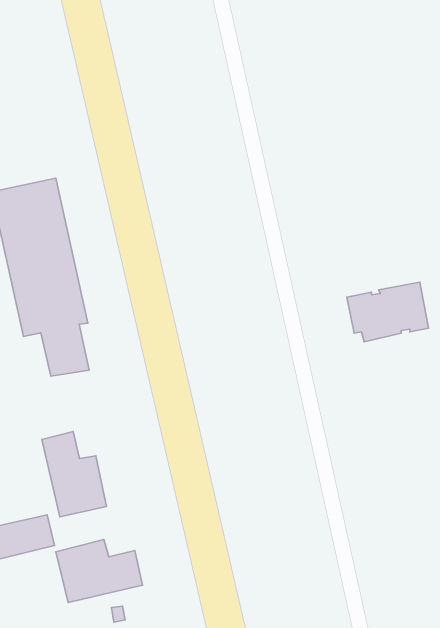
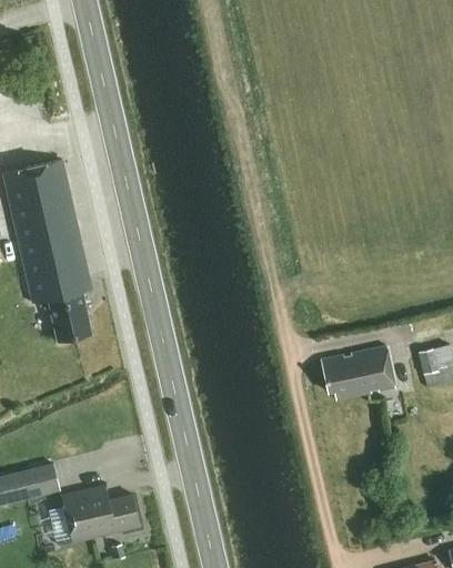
building: [347,282,429,342] -> [322,346,395,399]
building: [42,431,107,517] -> none

